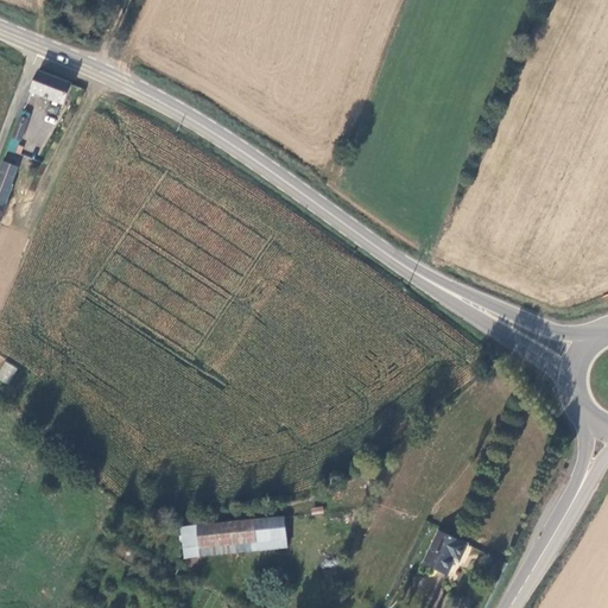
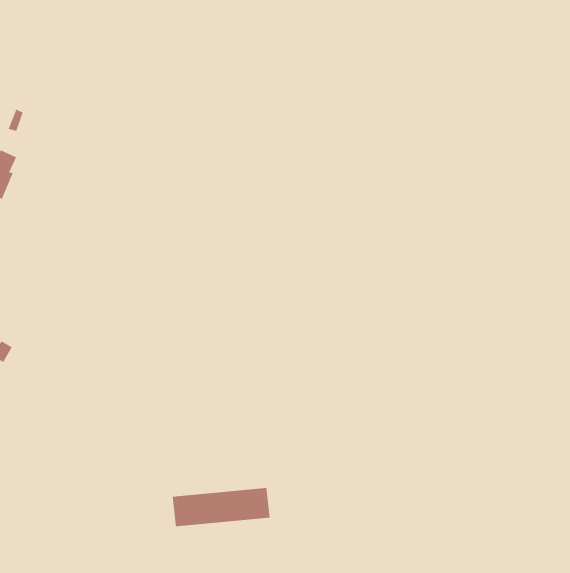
building: [27,69,66,100] -> none
building: [422,531,466,576] -> none

